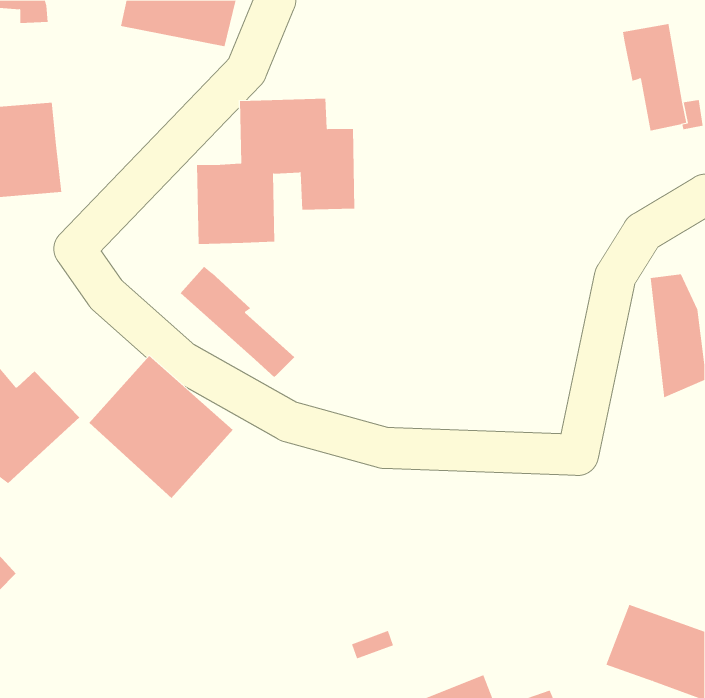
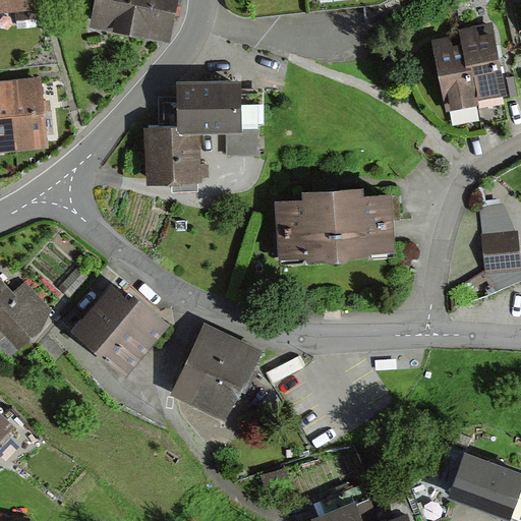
building: none -> [430,36,479,116]
building: none -> [275,182,393,254]
building: [180,266,295,378] -> none
building: none -> [170,324,265,419]

